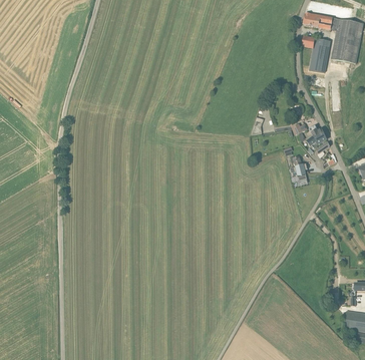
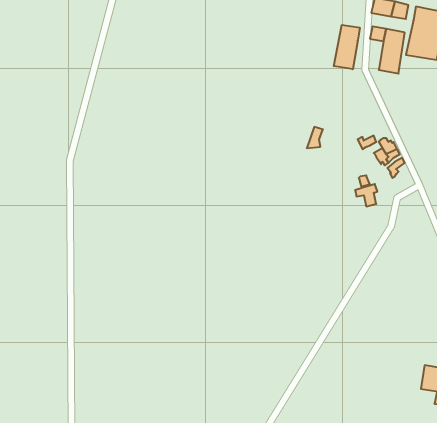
building: none -> [334,25,360,69]

